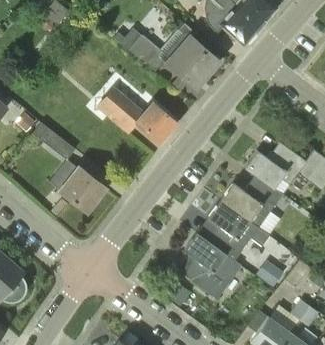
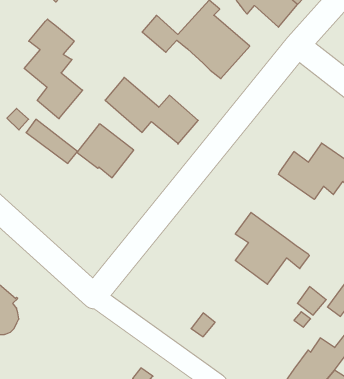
building: none -> [24,19,83,119]
building: [60,167,107,212] -> [78,124,134,178]
building: [221,175,283,228] -> none
building: [184,233,242,299] -> none

